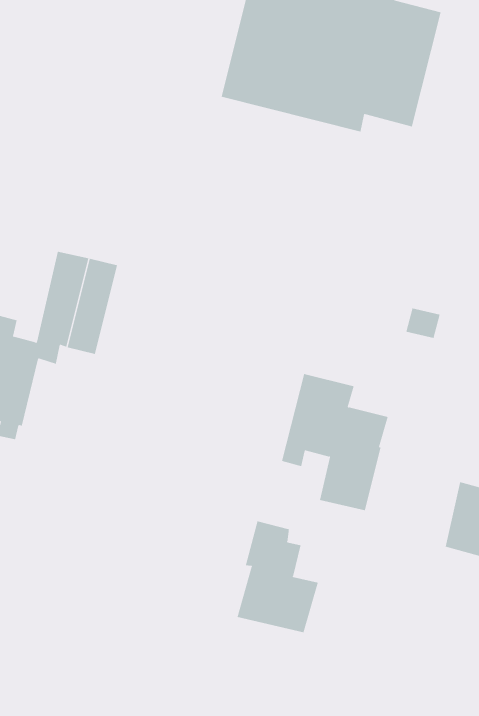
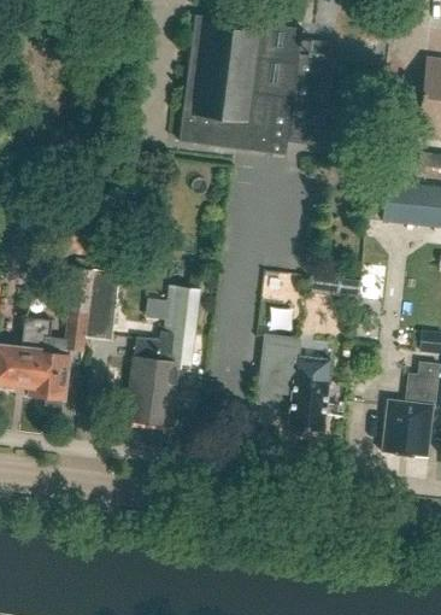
building: none -> [127,285,200,423]
building: [237,521,318,633] -> none

